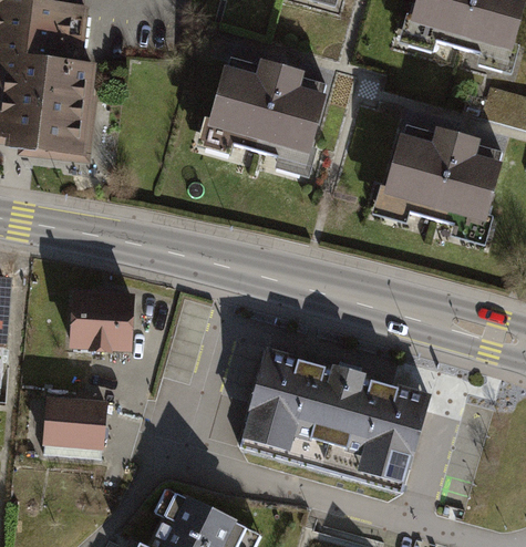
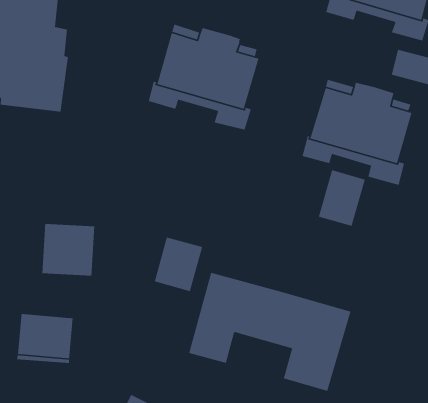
building: none -> [318,169,366,227]
building: none -> [154,236,203,292]
building: [285,419,361,473] -> none

